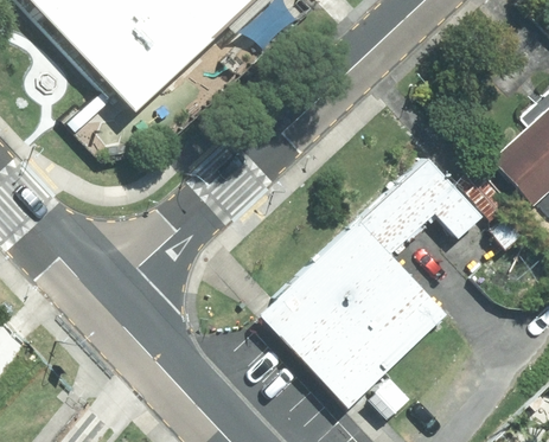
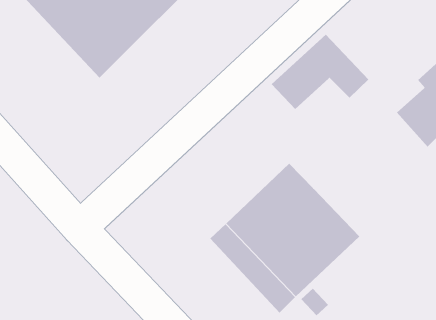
building: [363,158,486,252] -> [271,34,369,110]

